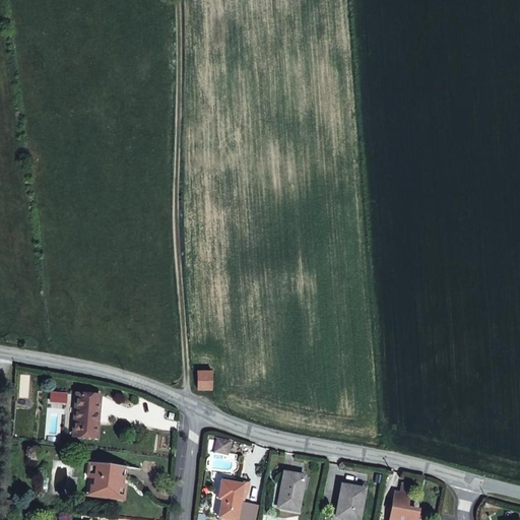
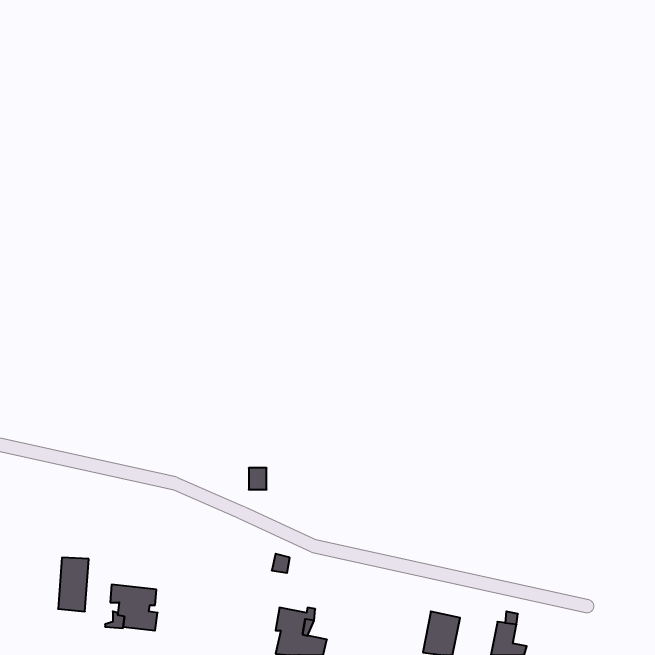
building: [74,395,99,438] -> [58,558,89,611]
building: [277,472,304,512] -> none

